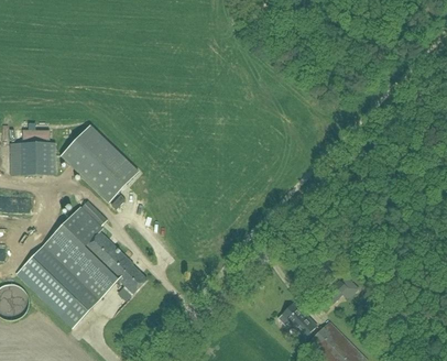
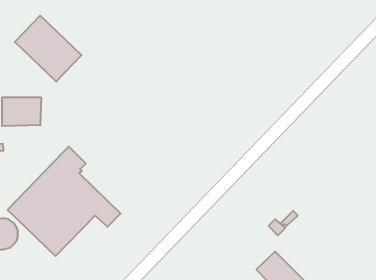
building: [59,124,138,201] -> [15,16,82,82]
building: [281,303,316,336] -> none

